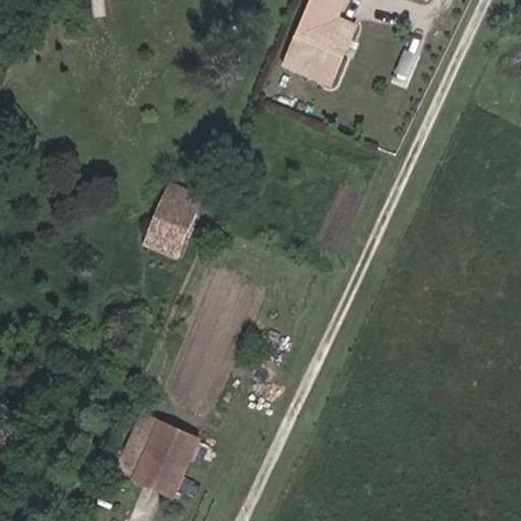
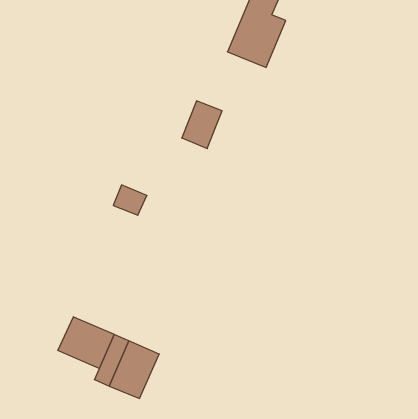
building: [151,183,200,242] -> [182,101,222,149]
building: none -> [58,317,114,368]

